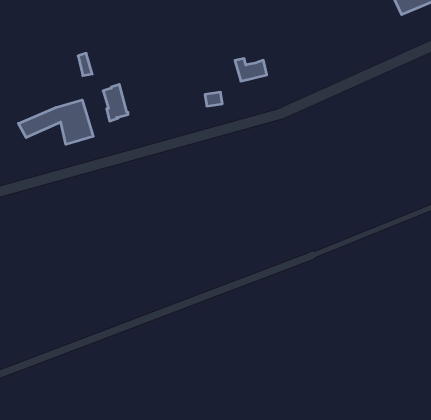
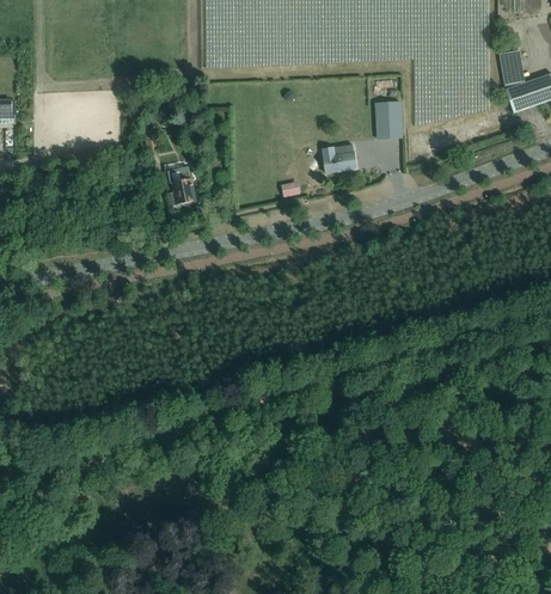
building: none -> [374,100,400,137]
building: [18,100,93,144] -> none

